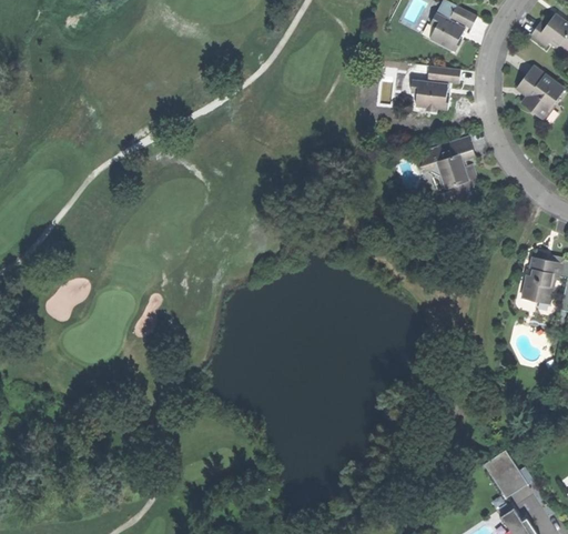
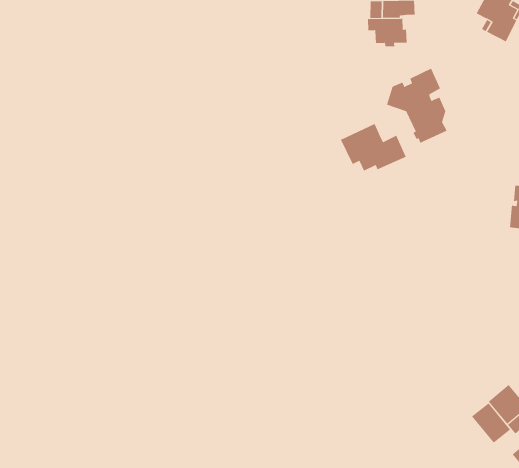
building: none -> [340,123,407,171]
building: none -> [471,402,511,444]

